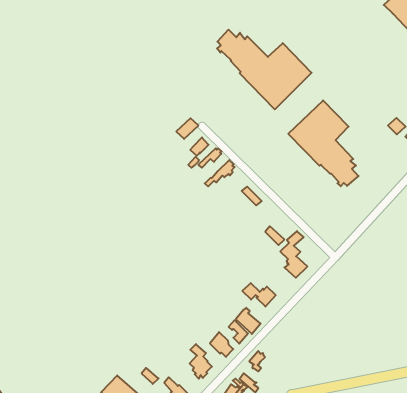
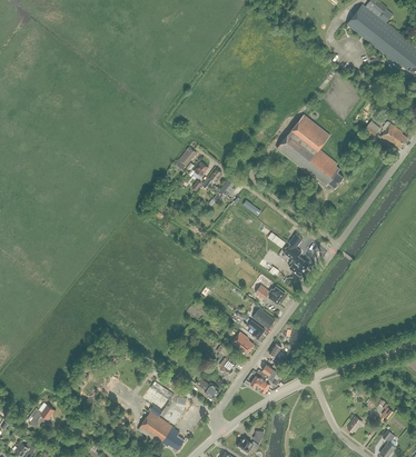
building: [217,30,312,109] -> none

